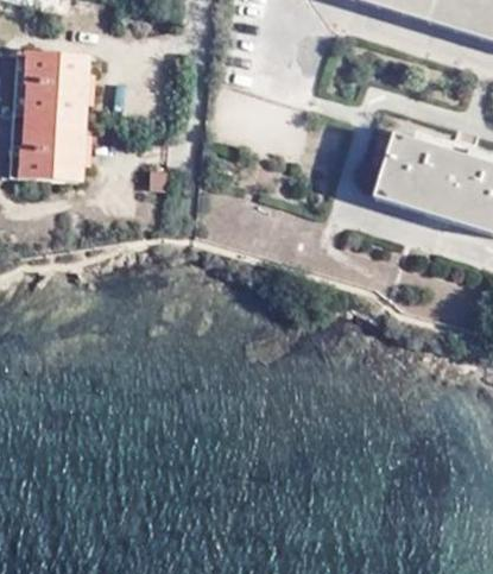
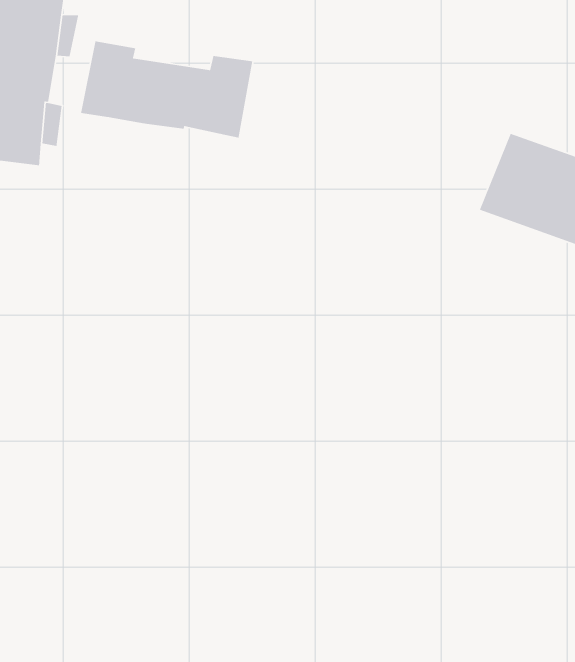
building: none -> [80,40,253,138]

